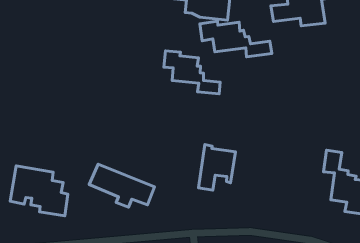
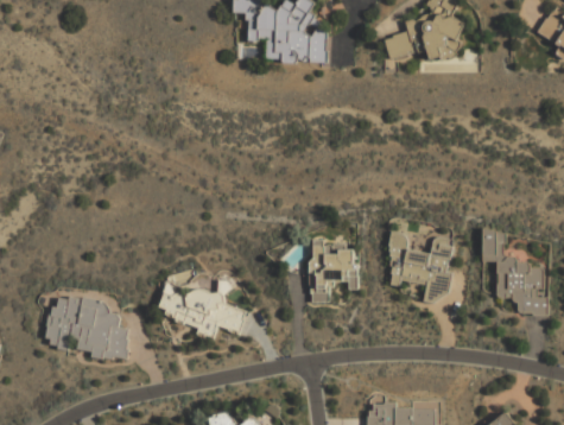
building: [200,21,272,57] -> none
building: [164,51,220,94] -> none
building: none -> [386,231,451,300]

